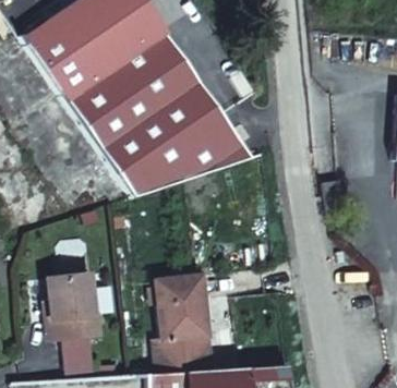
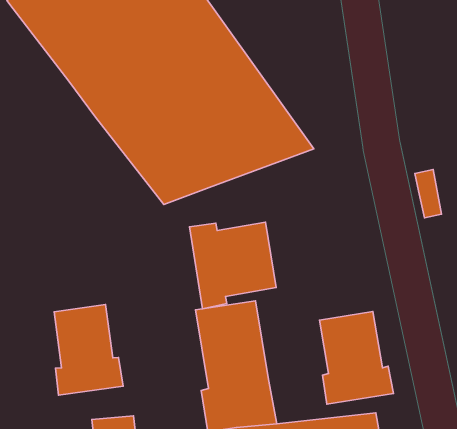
building: none -> [189,222,276,309]
building: none -> [319,312,393,404]

